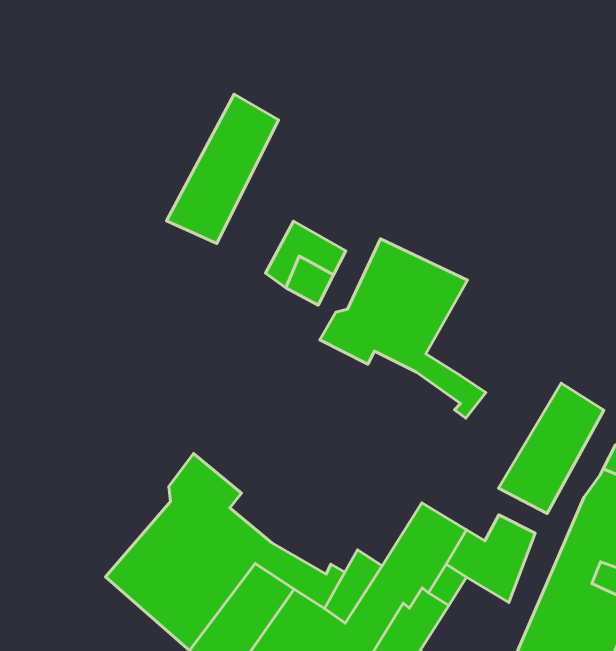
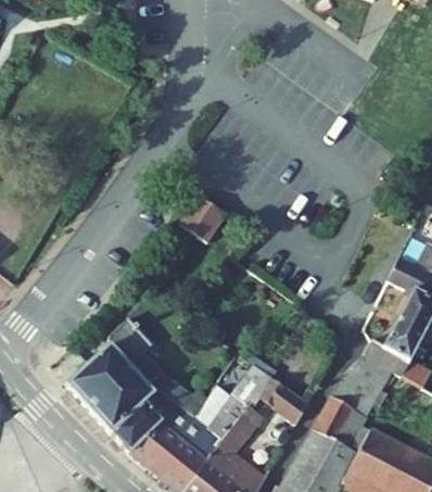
building: [166,94,279,244] -> none
building: [320,239,486,418] -> none
building: [498,383,604,514] -> none

